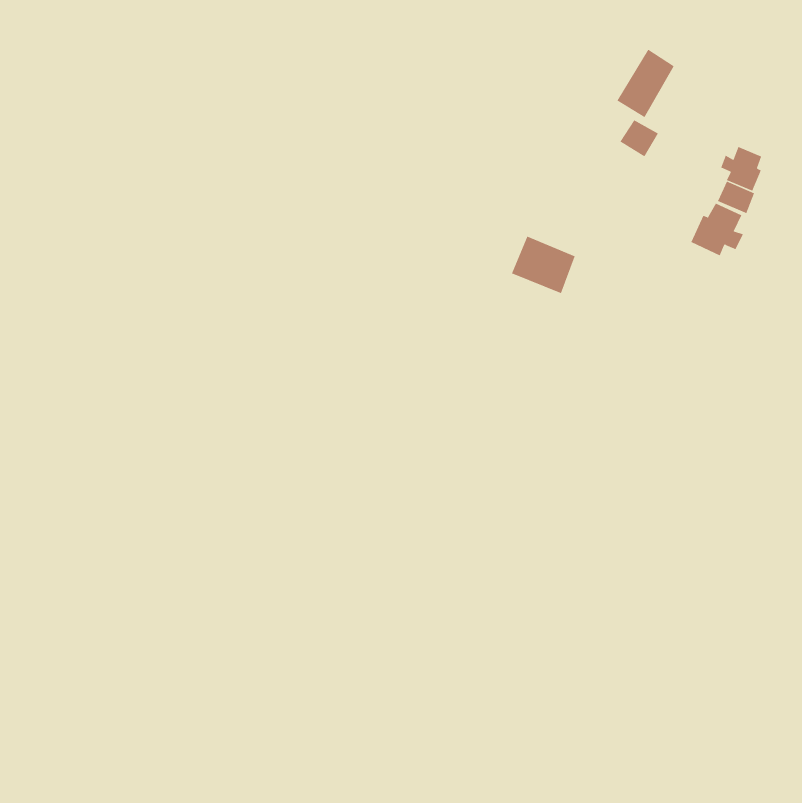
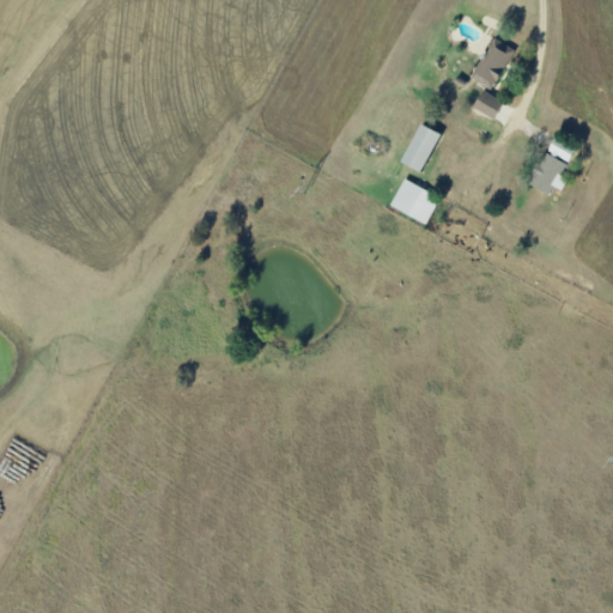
building: [721,146,762,192] -> none
building: none -> [399,125,439,172]

